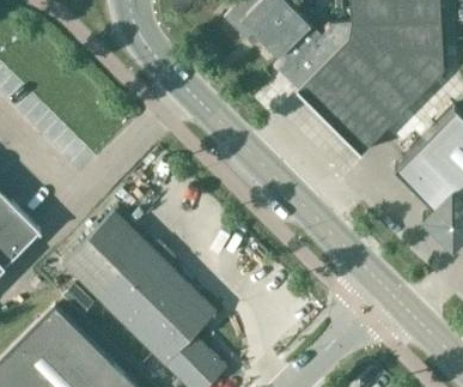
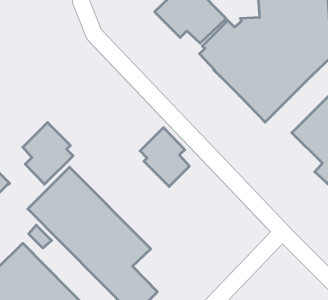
building: none -> [23,122,73,184]
building: none -> [140,128,189,187]

